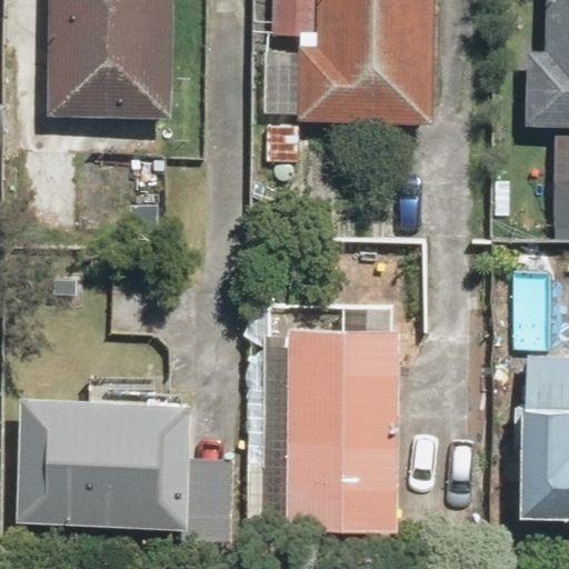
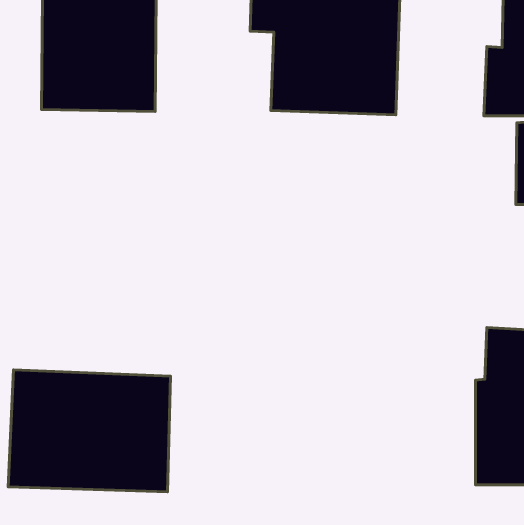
building: [286,330,395,531] -> none

